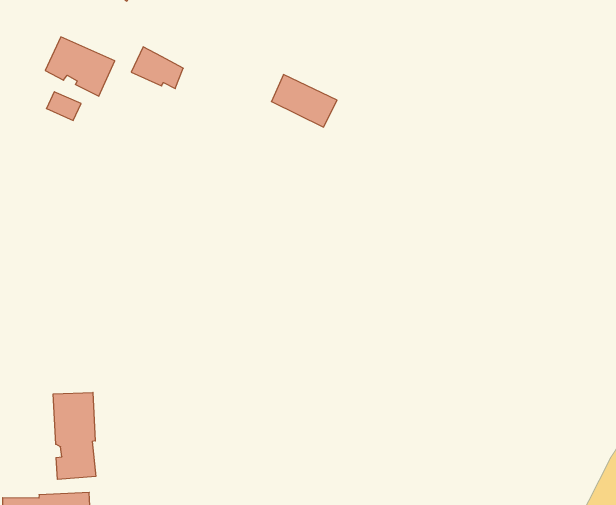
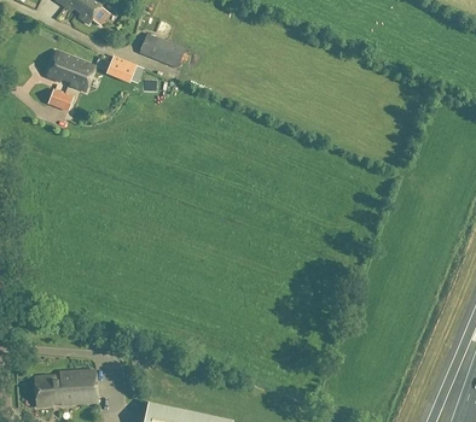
building: [271,75,337,127] -> [139,33,185,68]
building: [53,392,96,479] -> none

